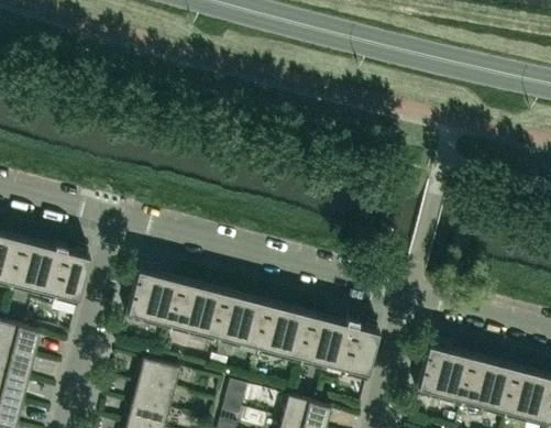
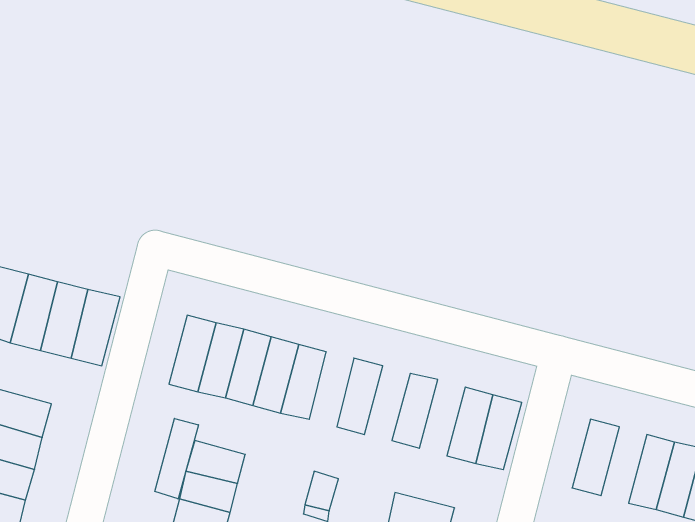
building: [227,293,258,347] -> none
building: [266,303,299,356] -> none
building: [306,312,339,367] -> none
building: none -> [155,418,198,499]
building: [437,347,470,402] -> none

